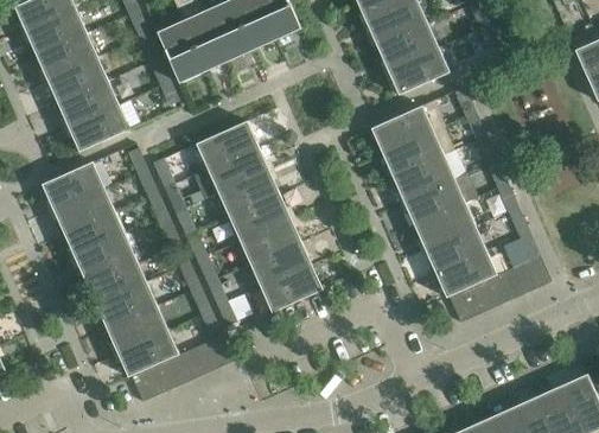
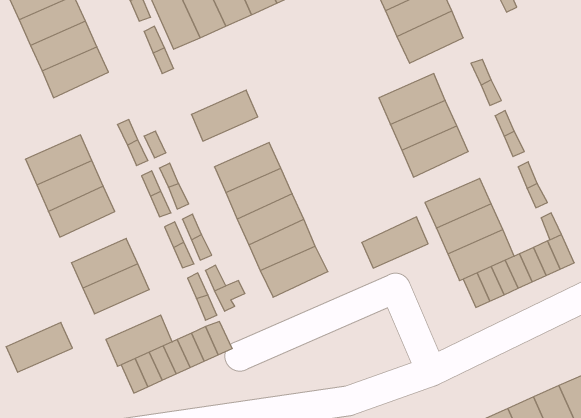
building: [68,103,129,151] -> none
building: [192,145,268,191] -> none
building: [402,177,464,224] -> [362,217,428,268]
building: [74,233,135,280] -> none
building: [106,305,167,351] -> [6,322,72,372]

